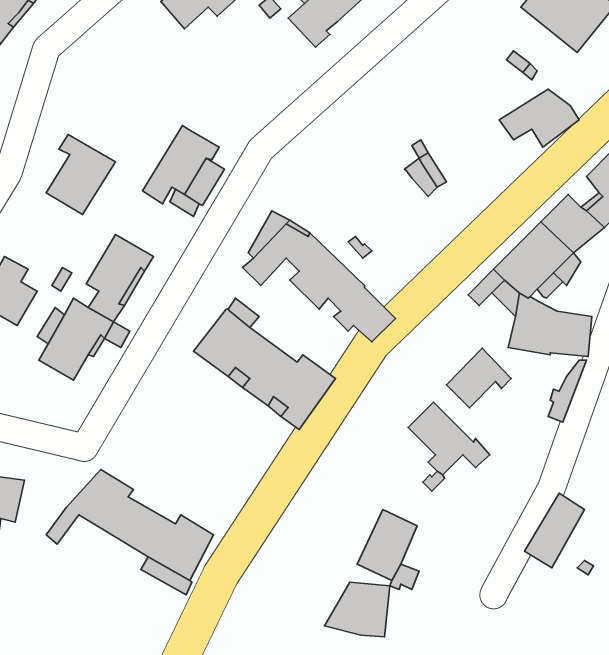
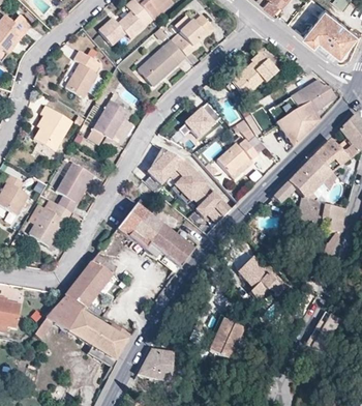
building: none -> [138,39,186,86]
building: none -> [65,51,100,97]
building: none -> [232,53,278,96]
building: none -> [268,97,320,147]
building: none -> [179,100,221,138]
building: none -> [217,137,258,179]
building: [446,348,511,408] -> none
building: none -> [63,255,115,308]
building: [324,582,390,637] -> [137,348,174,379]

